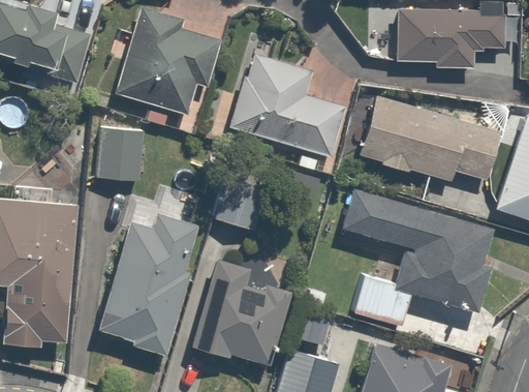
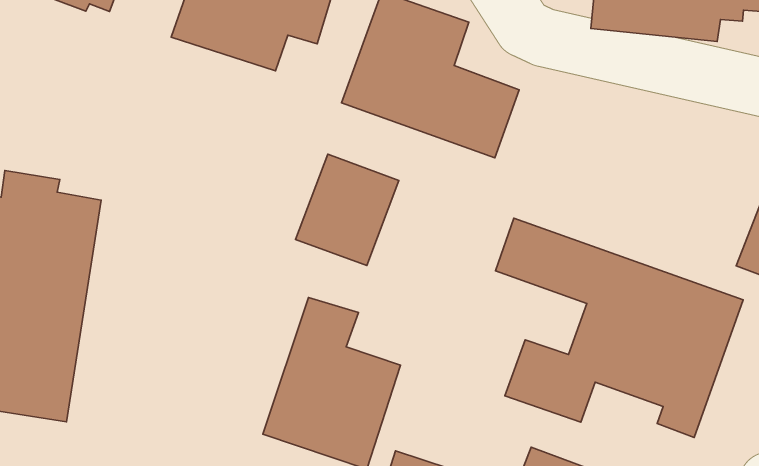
building: [361,101,497,183] -> none
building: [81,124,137,180] -> none
building: [99,211,211,353] -> none

